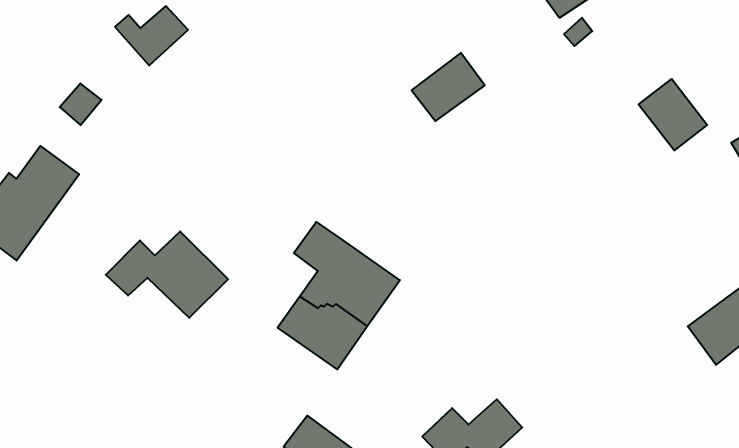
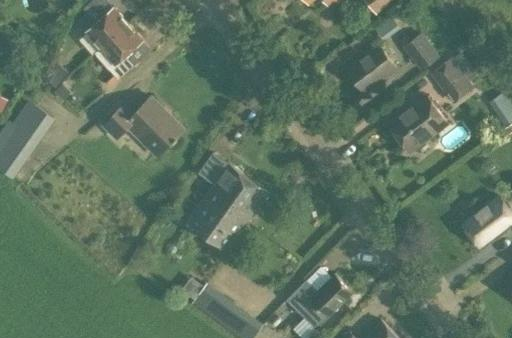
building: none -> [101,24,142,65]
building: none -> [398,33,439,72]
building: [412,53,485,121] -> [347,47,396,93]
building: none -> [388,97,447,152]
building: [106,231,228,318] -> [101,98,183,156]

